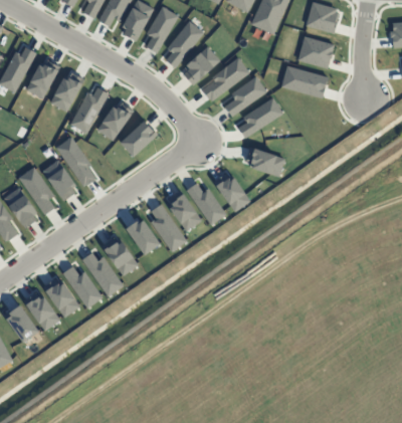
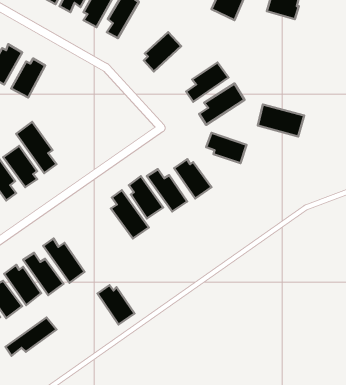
building: [165,21,204,68] -> none
building: [297,36,334,68] -> none
building: [202,57,249,100] -> none
building: [281,65,328,97] -> [258,104,304,137]
building: [70,87,110,133] -> none
building: [97,101,134,141] -> none
building: [121,121,159,157] -> none
building: [126,219,161,255] -> none
building: [102,237,139,276] -> [97,285,135,325]
building: none -> [5,318,56,356]

